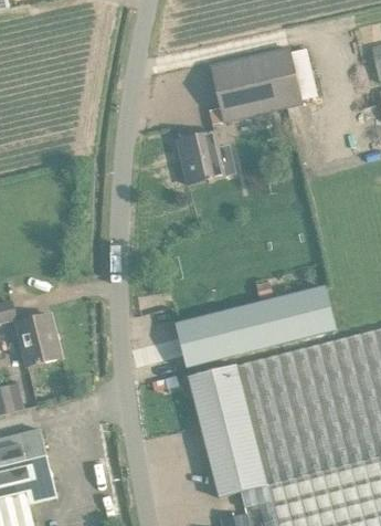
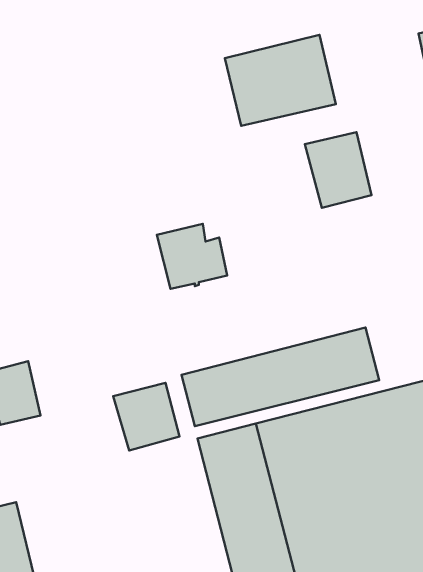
building: none -> [305,132,371,208]
building: [177,132,234,185] -> [157,224,227,289]
building: none -> [113,383,180,450]

